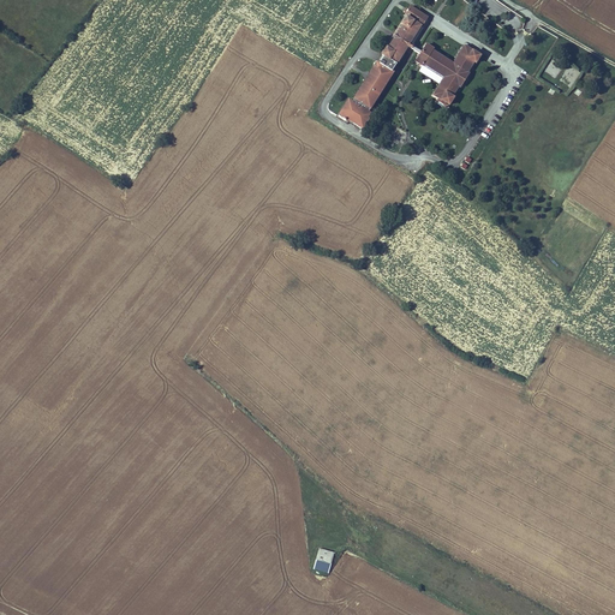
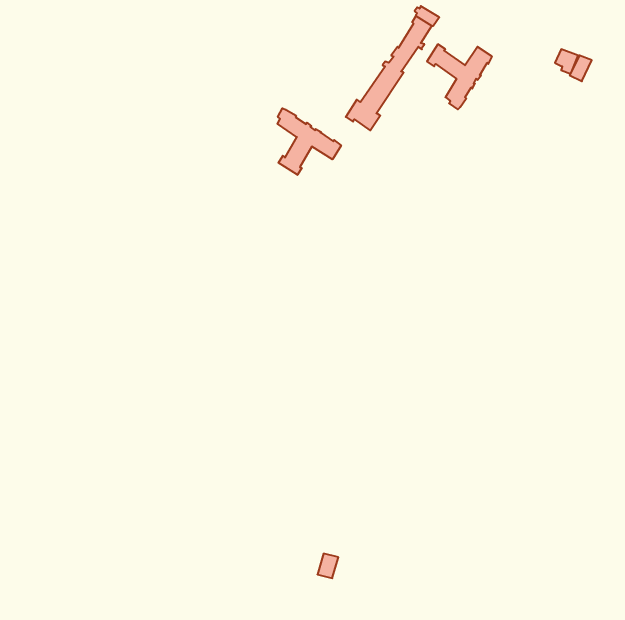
building: none -> [277,108,341,175]

